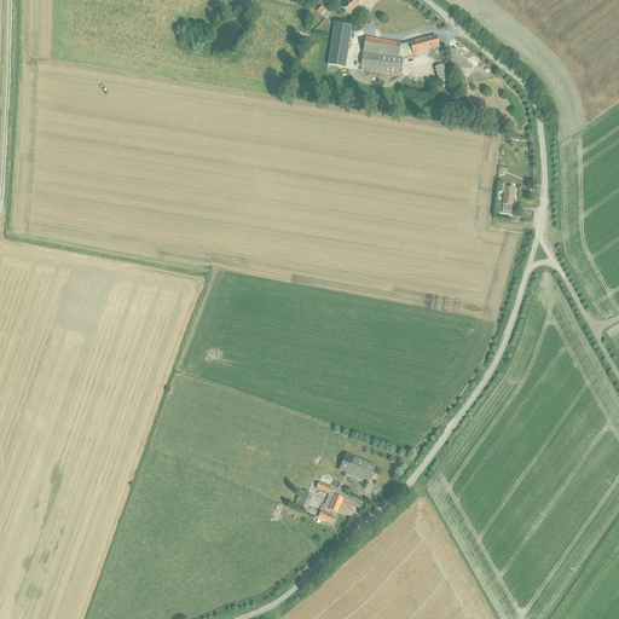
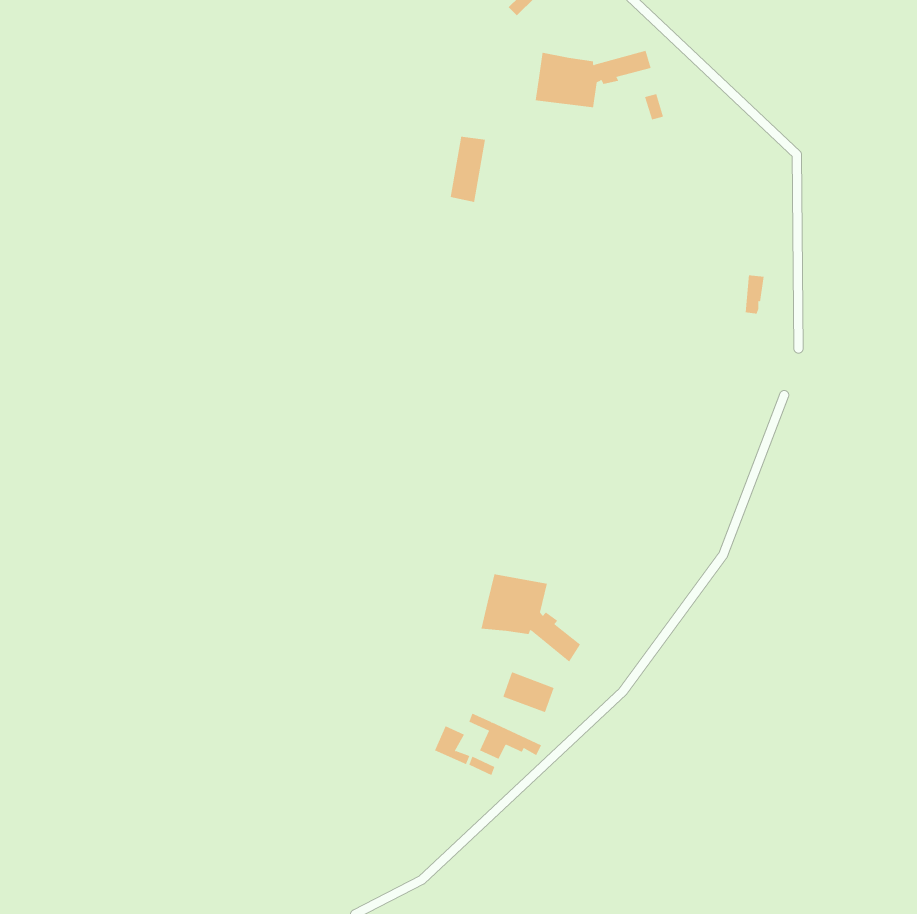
building: [328,22,352,66] -> [450,136,486,202]
building: none -> [481,573,581,662]

